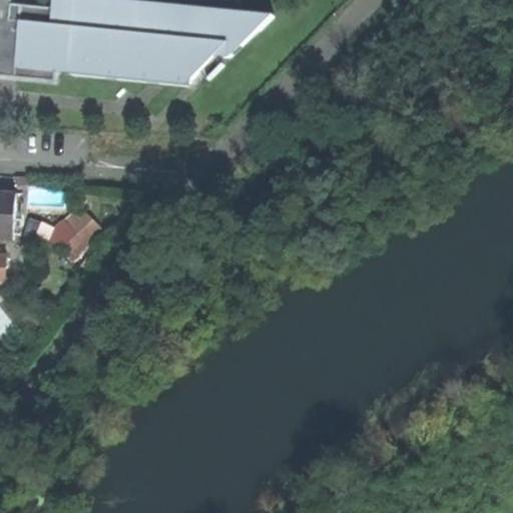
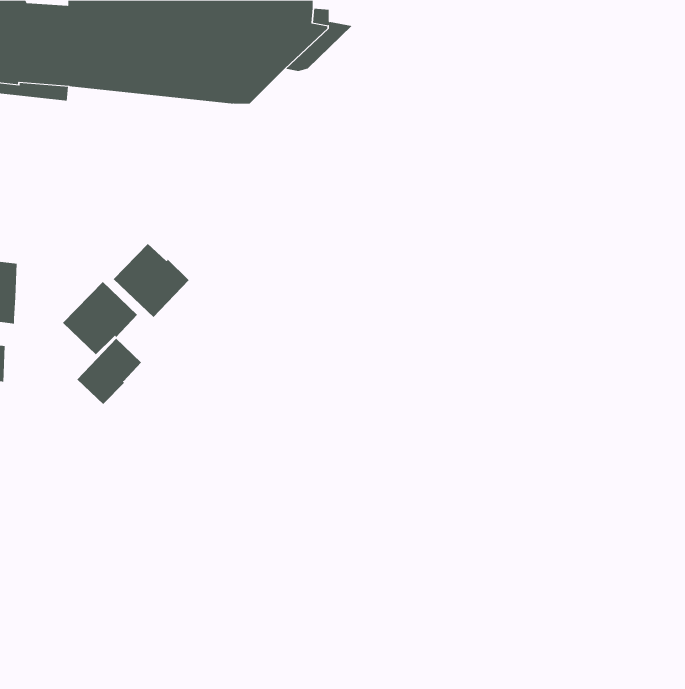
building: none -> [113,243,190,318]
building: none -> [76,338,142,405]

